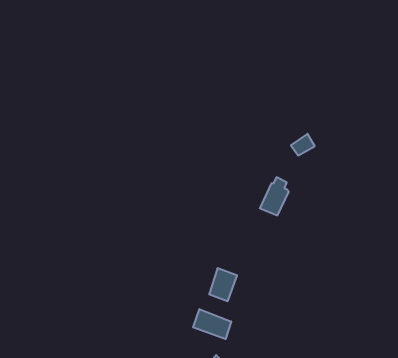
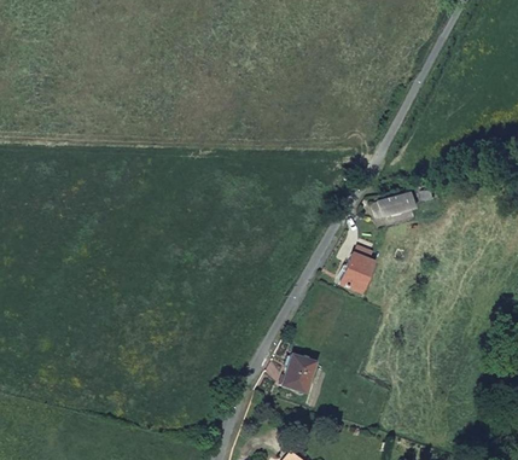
building: [193,309,231,339] -> none

